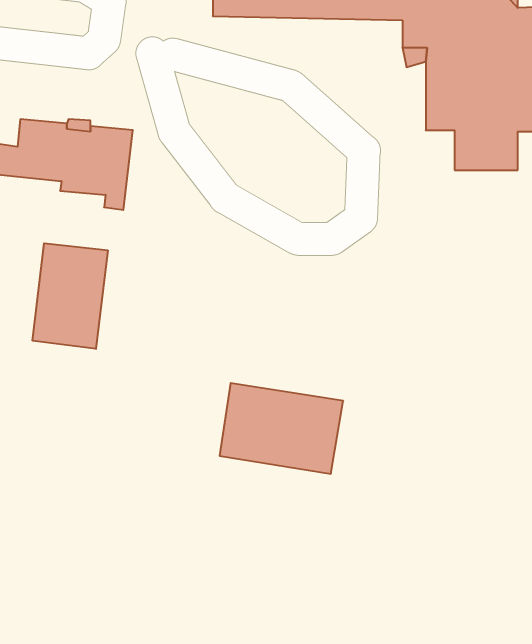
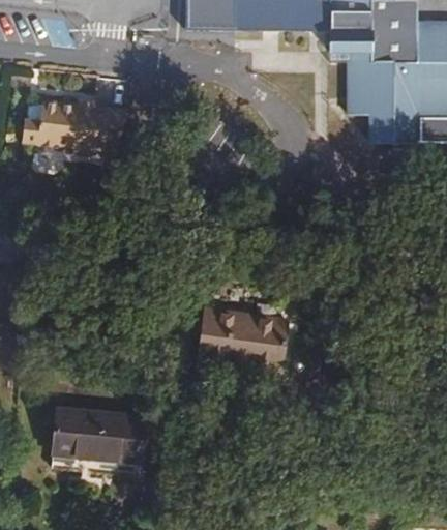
building: [33,243,108,349] -> none
building: none -> [44,403,140,464]

